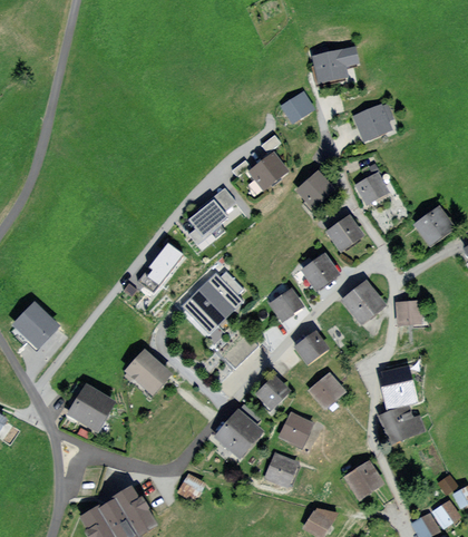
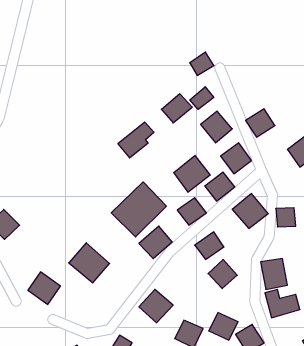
building: [313,48,355,80] -> none
building: [353,102,396,141] -> none
building: none -> [190,87,214,109]
building: none -> [174,155,210,192]
building: [137,242,183,292] -> none
building: [253,375,290,412] -> none
building: [279,411,318,448] -> [209,313,238,340]

